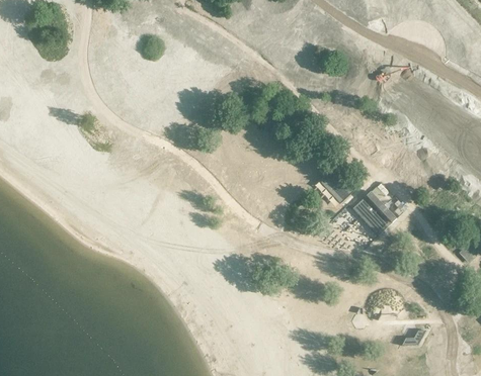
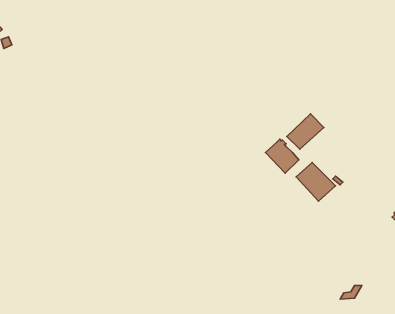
building: none -> [287,114,324,149]

